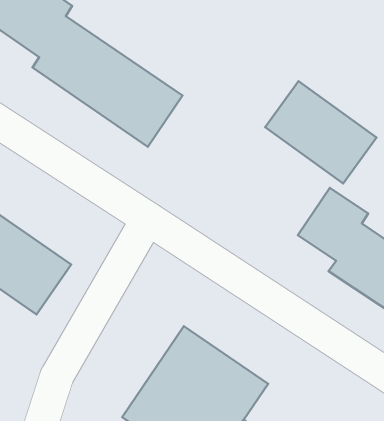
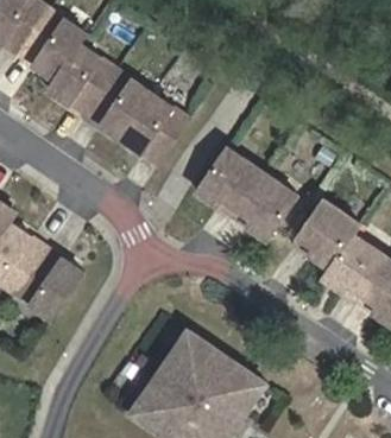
building: [265,81,377,184] -> [194,145,297,240]

